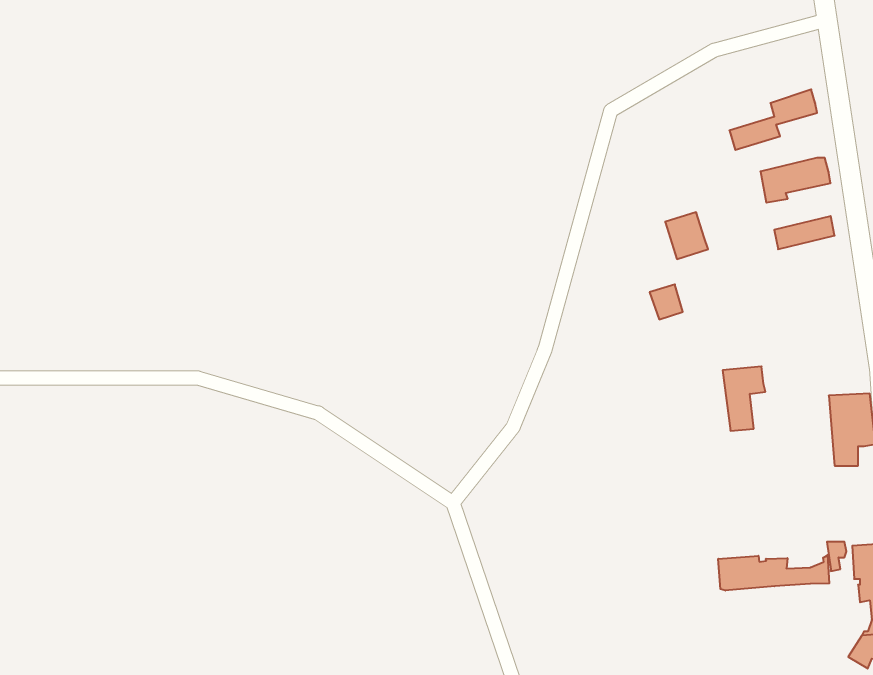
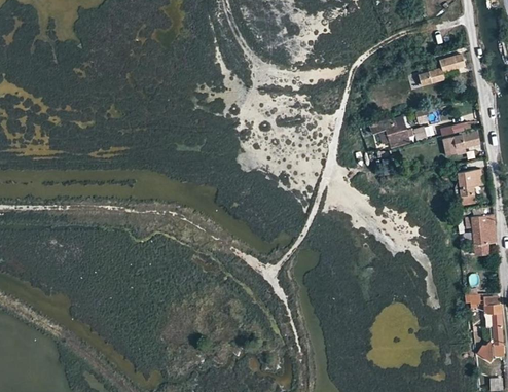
building: [760,158,831,203] -> [444,132,481,155]
building: [723,366,765,431] -> [458,170,480,204]
building: [718,555,829,591] -> none

